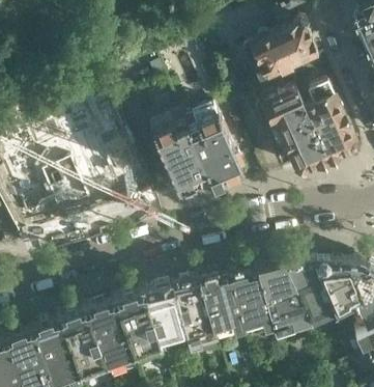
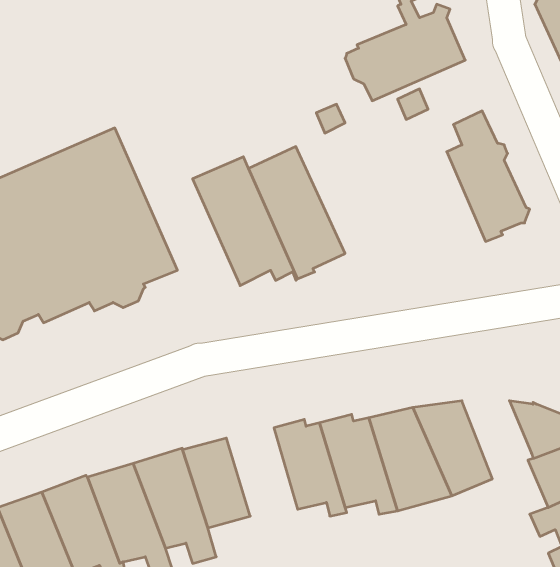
building: [262,95,327,181] -> none
building: [313,268,355,315] -> none
building: [169,284,212,353] -> none

